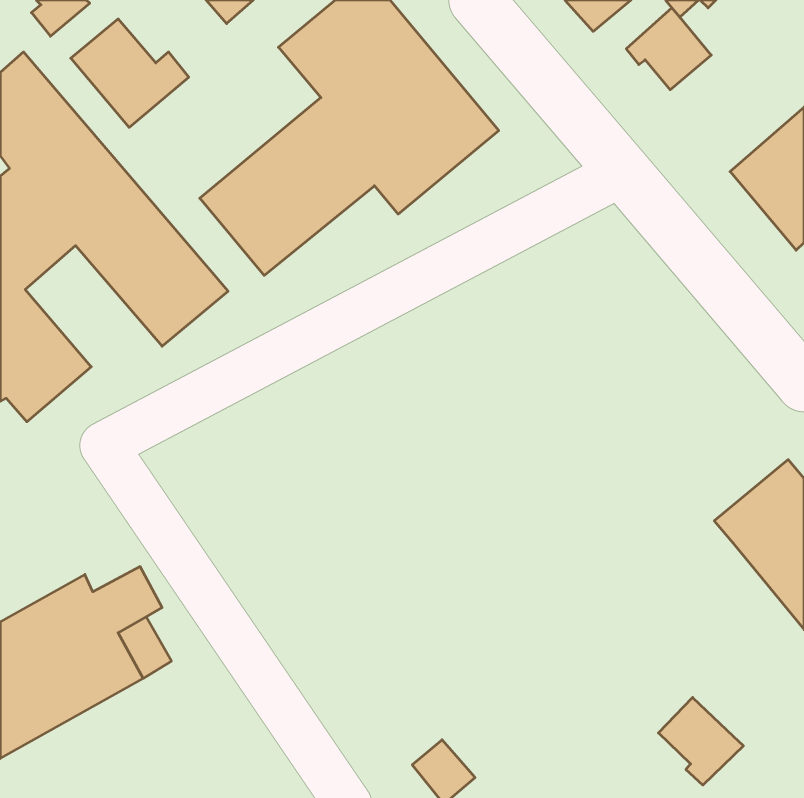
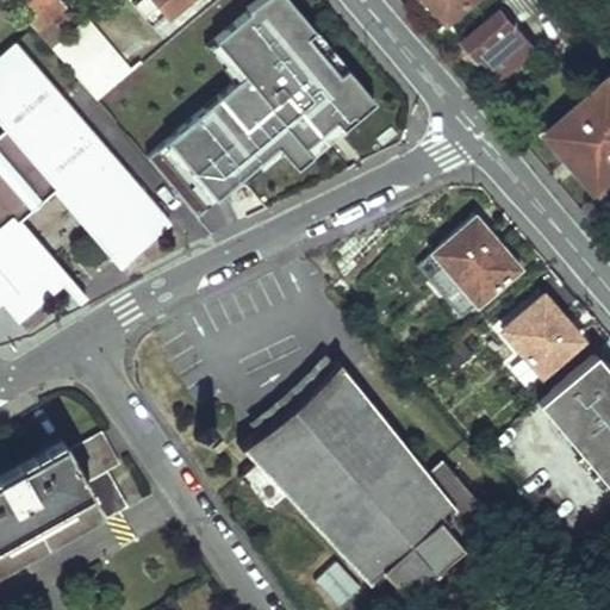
building: none -> [434,218,521,304]
building: none -> [491,295,584,387]
building: none -> [239,361,486,599]
building: [658,697,743,785] -> none

